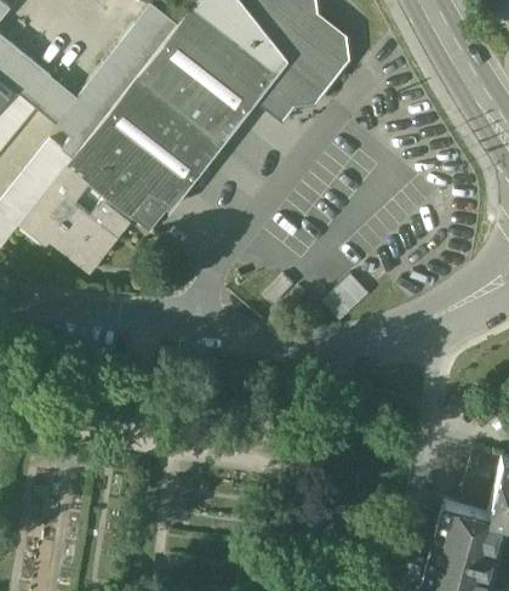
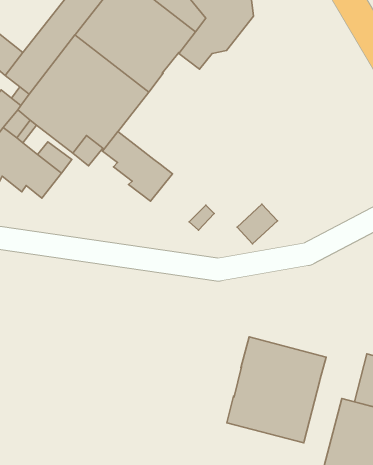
building: none -> [103,131,173,201]
building: none -> [227,337,326,443]

